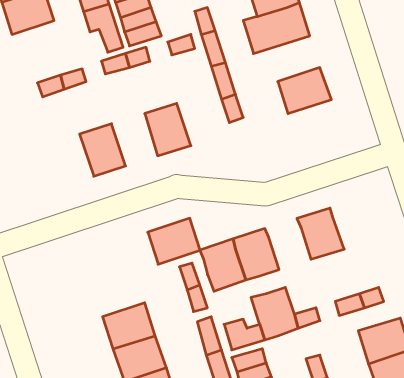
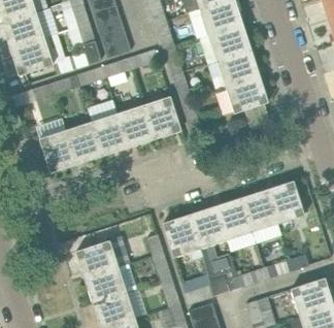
building: none -> [10,38,53,76]
building: none -> [216,51,259,88]
building: none -> [143,97,180,139]
building: none -> [91,113,128,156]
building: none -> [39,130,76,173]
building: none -> [267,181,305,223]
building: [148,218,200,264] -> [75,240,118,277]
building: none -> [214,198,252,239]

